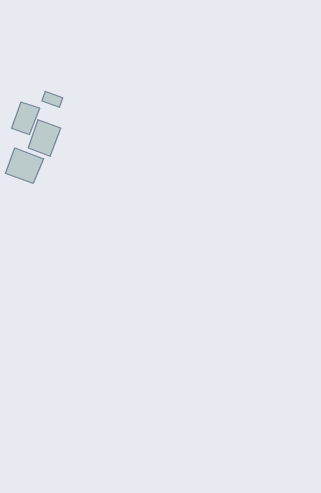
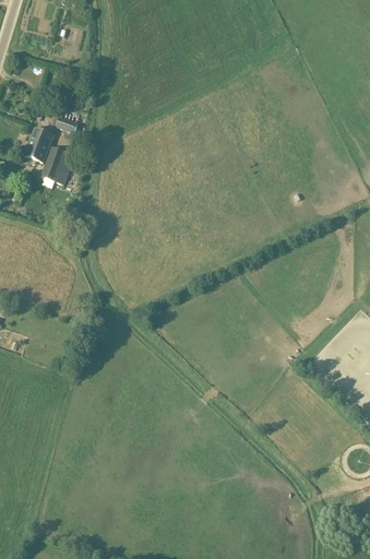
building: [6,148,44,183] -> none

